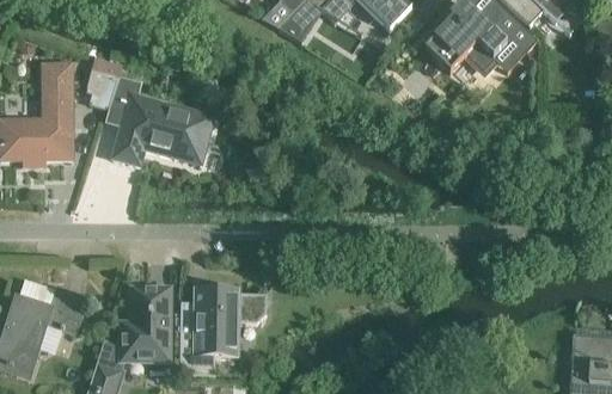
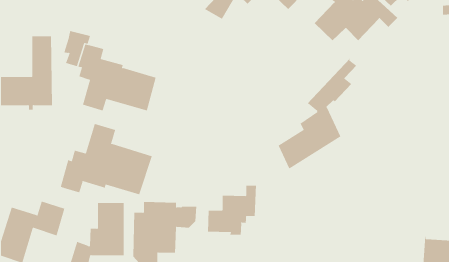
building: none -> [278,58,357,170]
building: none -> [60,123,152,195]
building: none -> [208,185,256,235]

